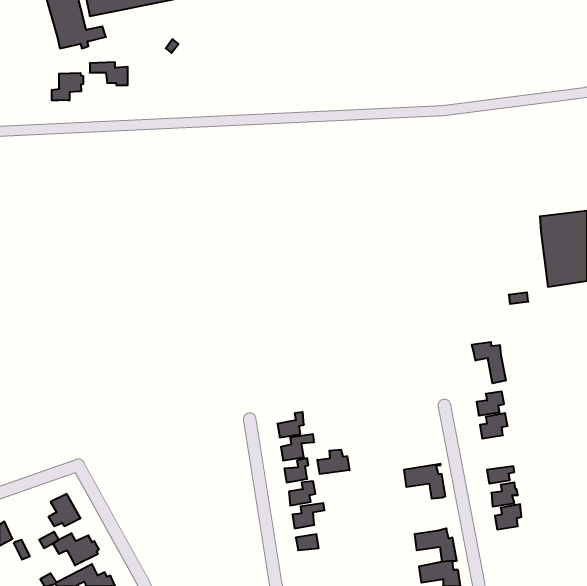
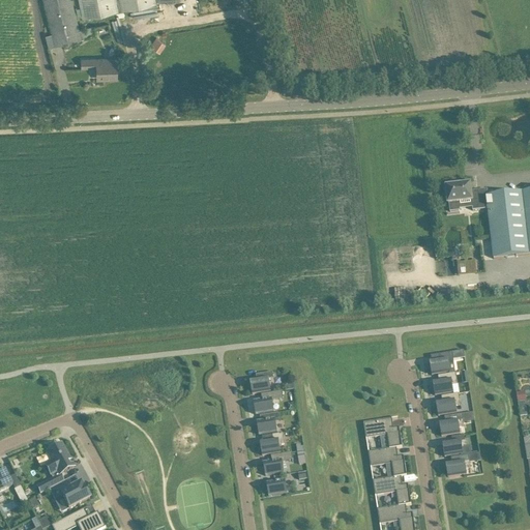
building: [52,73,83,101] -> none
building: none -> [445,183,487,211]
building: [472,342,506,383] -> none
building: none -> [435,392,460,415]
building: [317,450,350,474] -> none
building: none -> [367,447,406,477]

